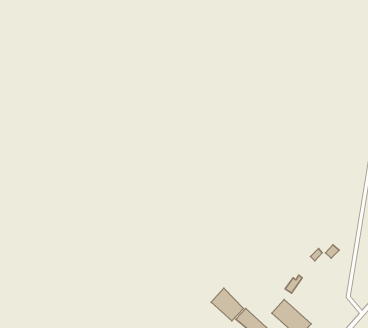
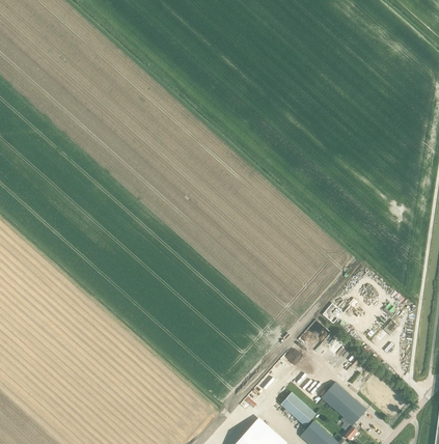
building: [211,288,243,321] -> none

